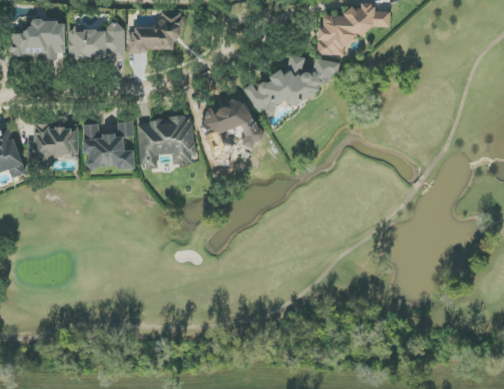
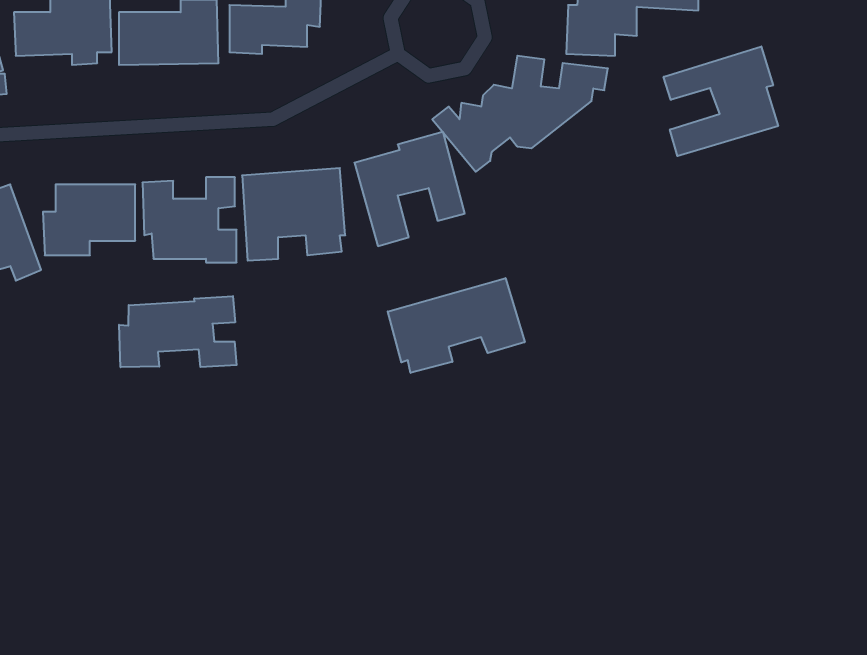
building: none -> [664,46,778,156]
building: none -> [388,278,525,373]
building: none -> [119,296,237,367]

